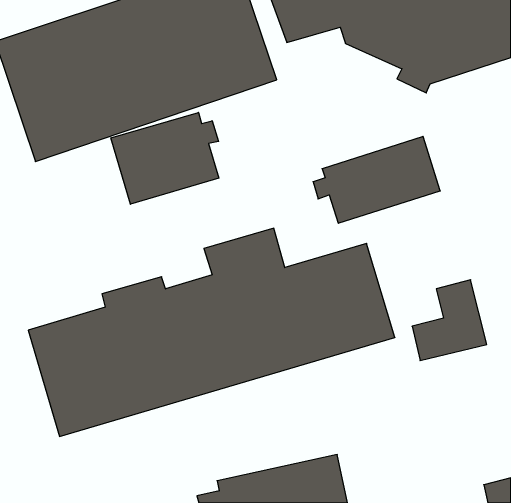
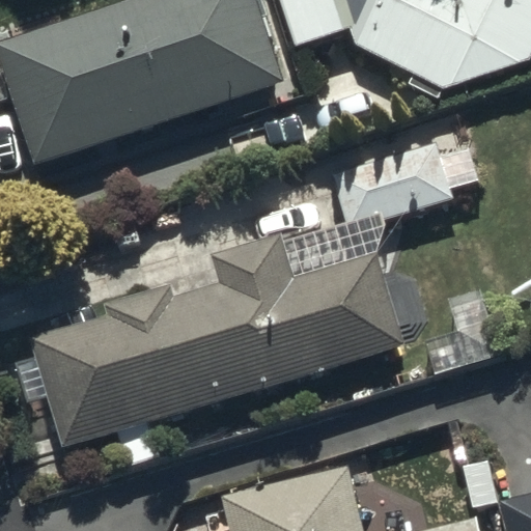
building: [111,112,219,204] -> none

